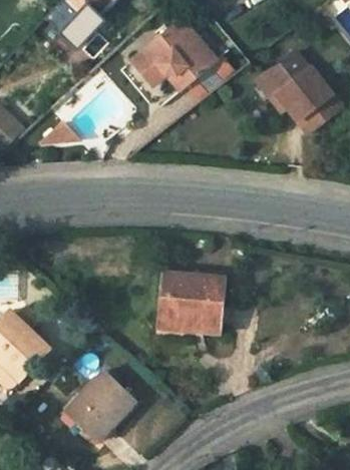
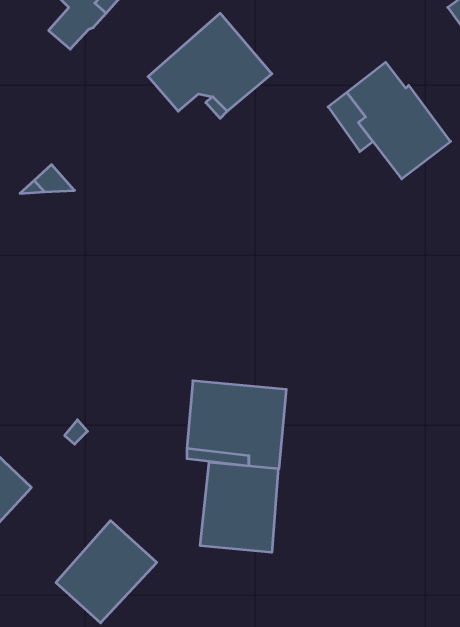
building: none -> [200,462,278,552]

